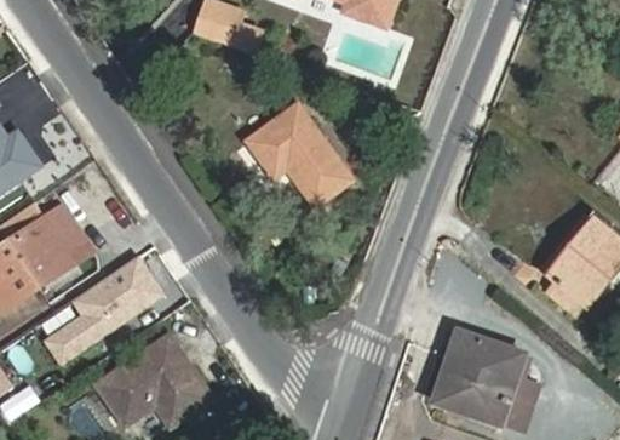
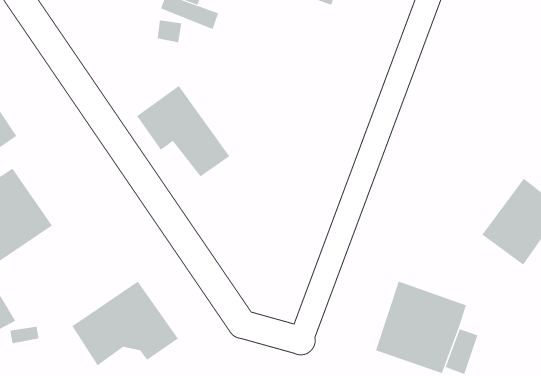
building: [243,103,346,204] -> [136,85,230,177]
building: [42,201,98,267] -> none
building: [42,253,161,362] -> none

